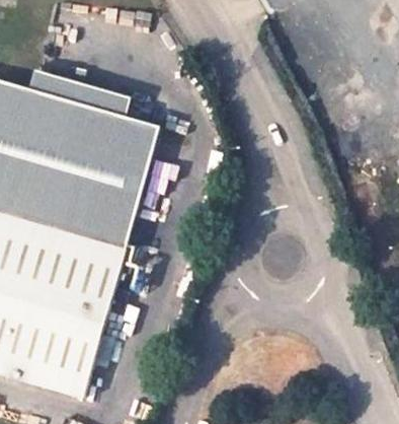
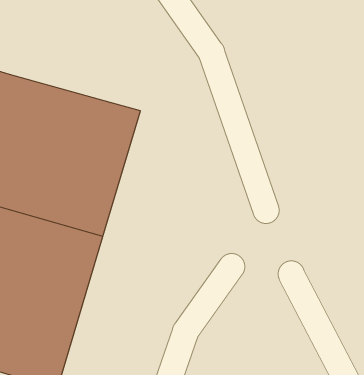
building: [35,70,139,118] -> none

